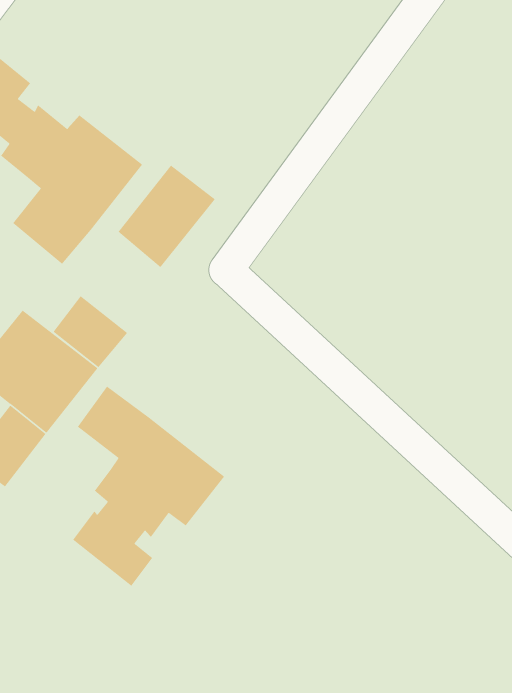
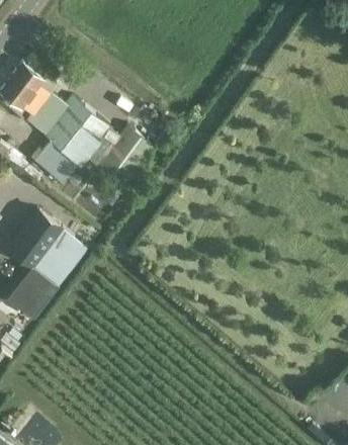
building: [53,295,128,368] -> none
building: [72,386,225,587] -> none

